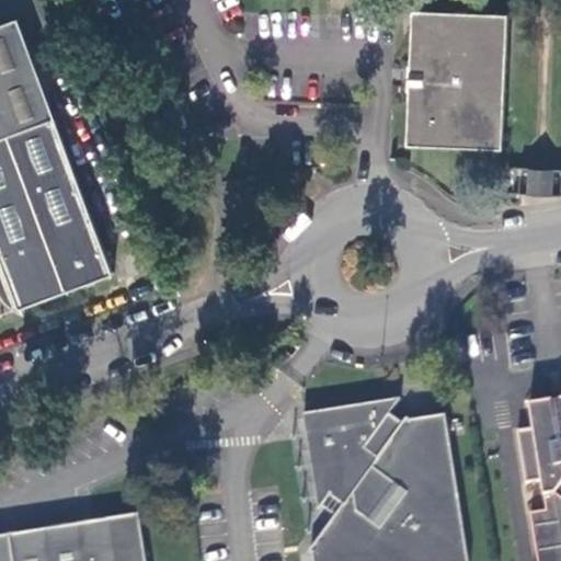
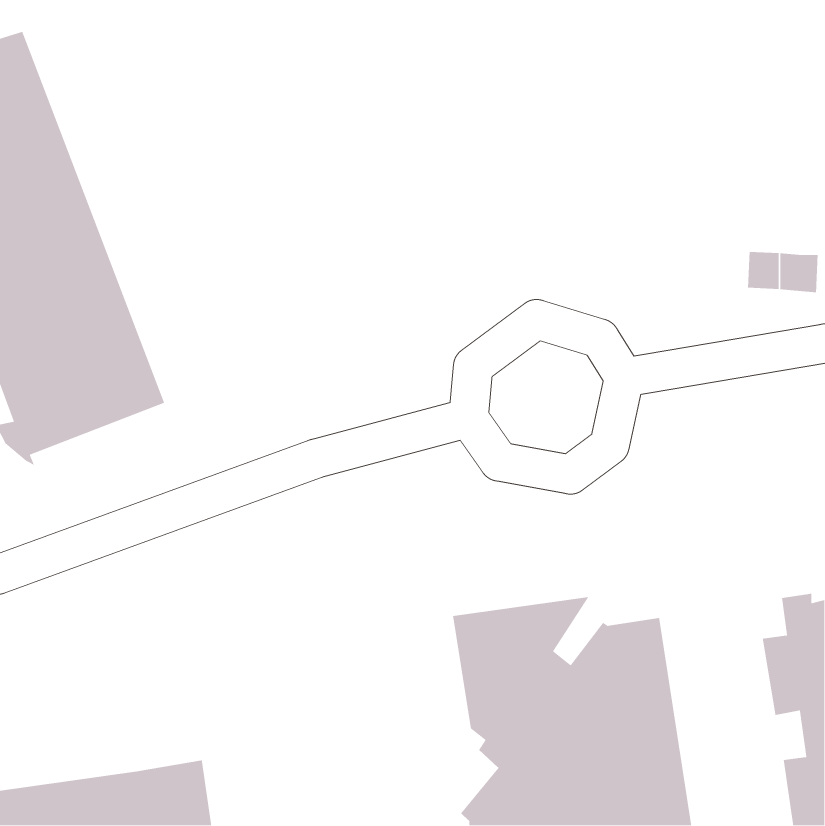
building: [407,12,507,152] -> none

